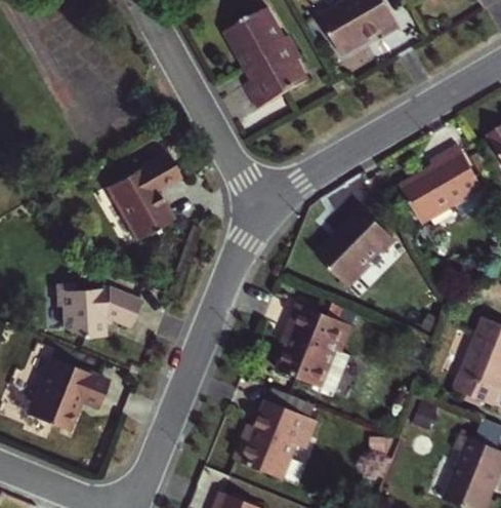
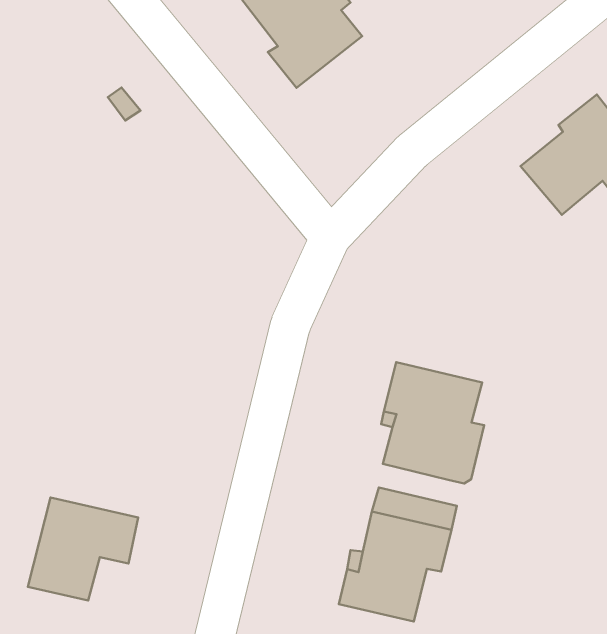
building: [108,152,179,239] -> none
building: [317,204,396,287] -> none
building: [53,283,141,336] -> none

